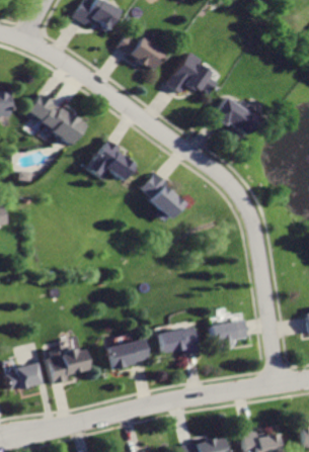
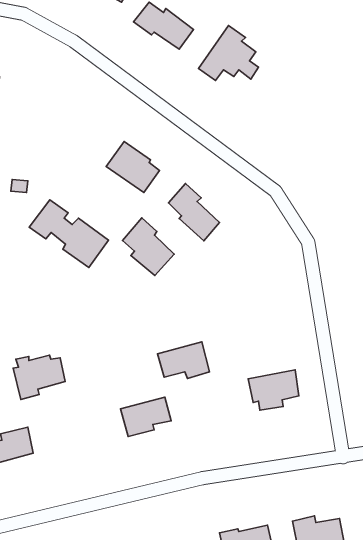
building: [26,93,88,146] -> [29,200,109,268]
building: [213,96,258,135] -> none
building: none -> [123,218,174,276]
building: [156,328,197,356] -> [158,342,210,378]
building: [48,349,88,383] -> [13,355,65,400]

